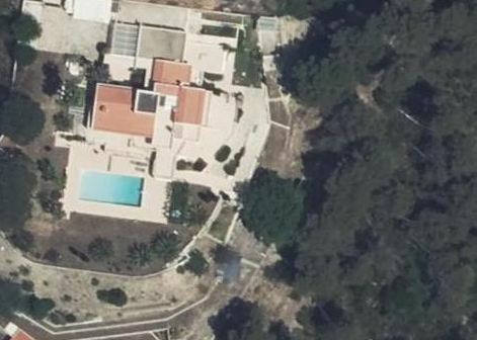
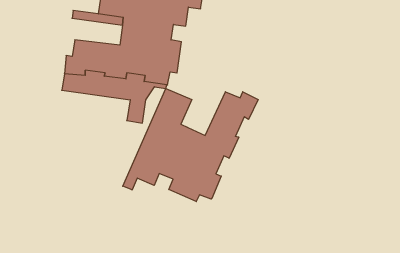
building: none -> [123,88,258,202]

